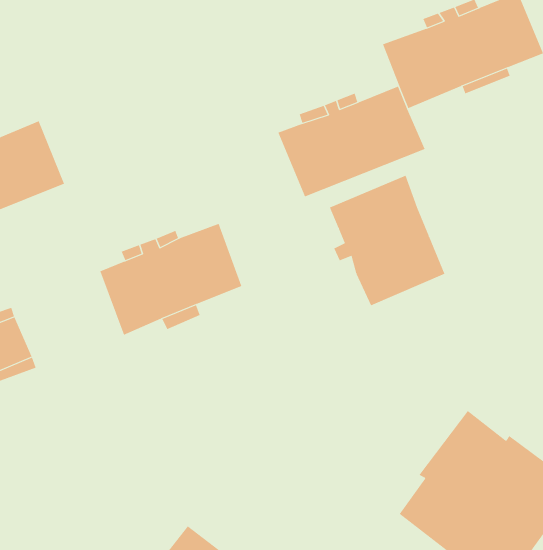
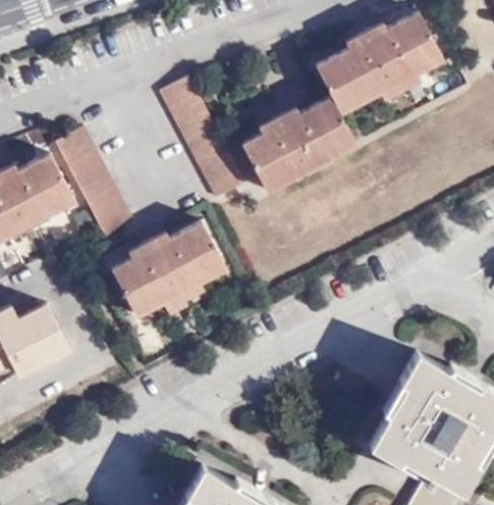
building: none -> [163,79,244,199]
building: none -> [55,128,133,240]
building: [329,175,445,306] -> none

